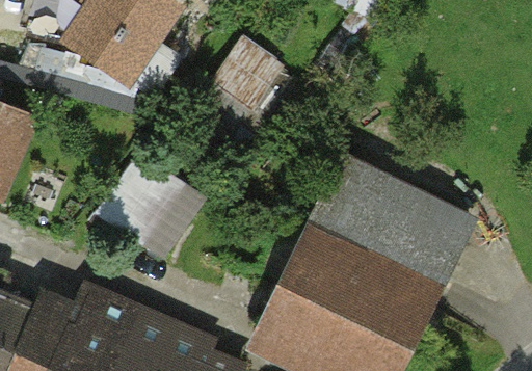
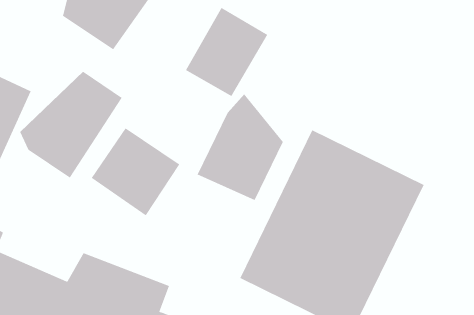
building: none -> [19,71,123,178]
building: none -> [197,94,284,201]

